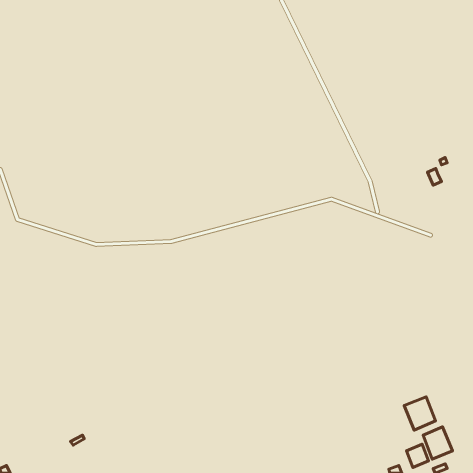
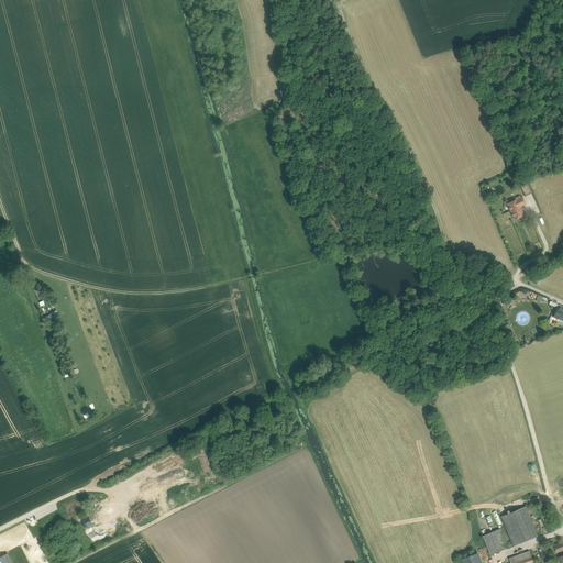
building: [404,397,435,430] -> none

